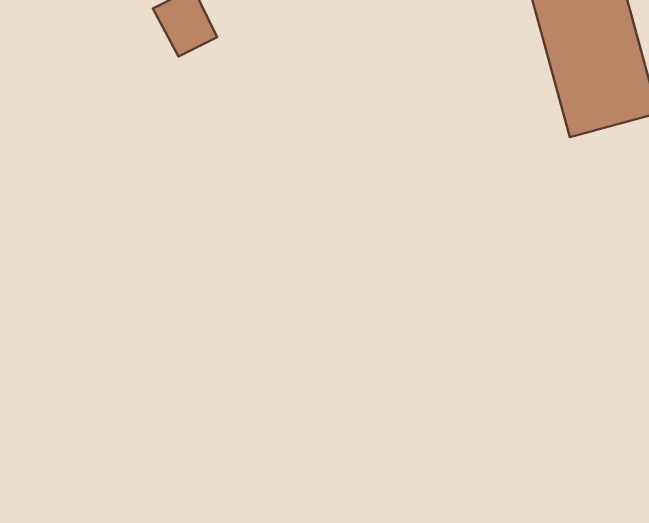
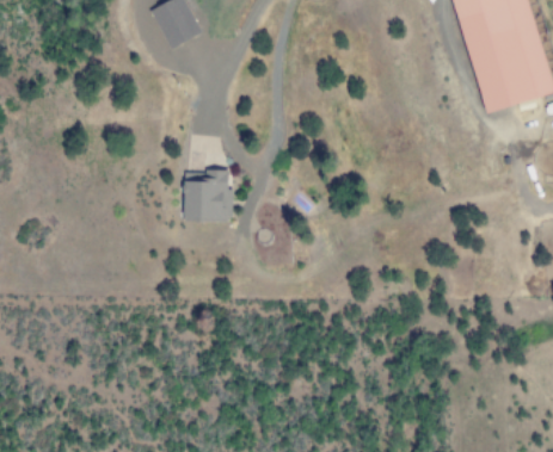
building: none -> [183,169,233,222]

